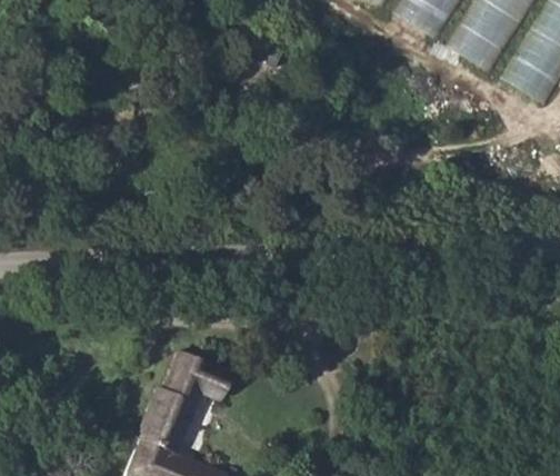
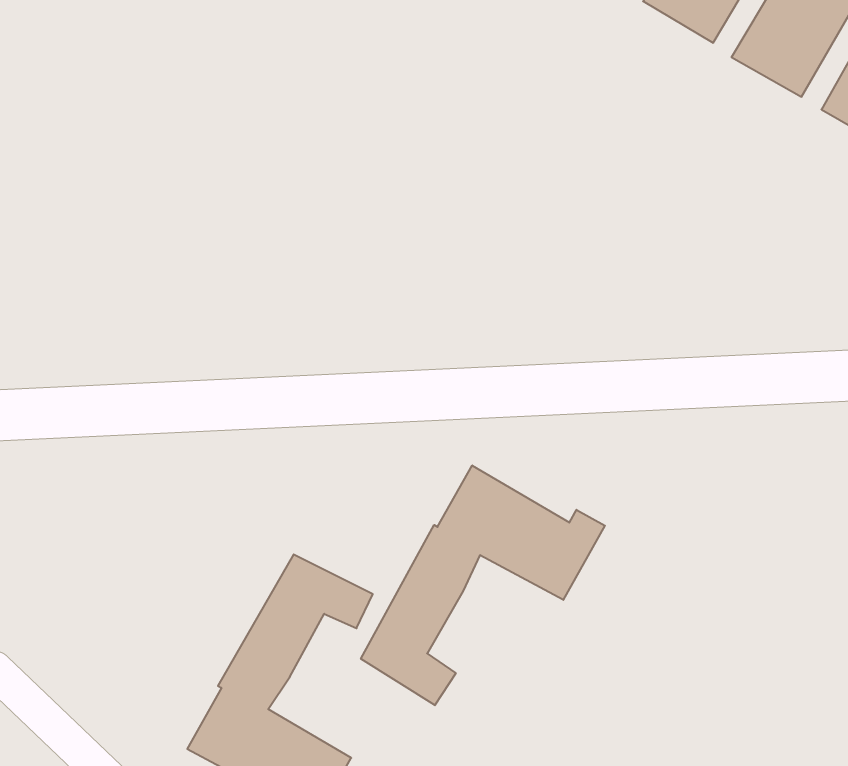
building: none -> [361,465,605,705]

